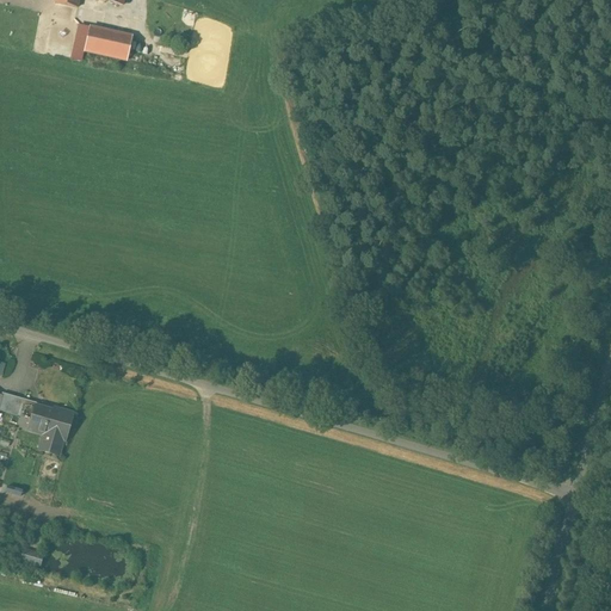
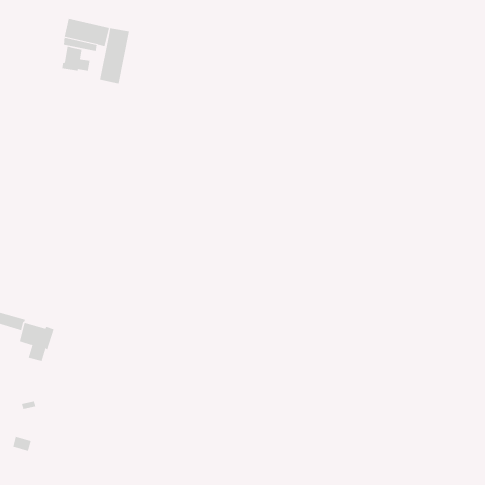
building: none -> [100,27,129,85]
building: none -> [62,46,90,71]

